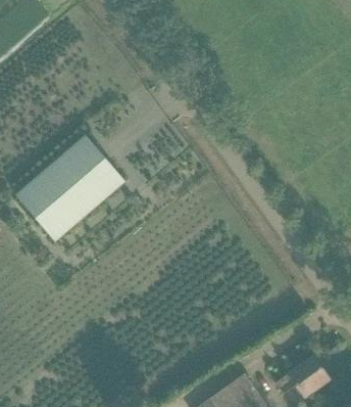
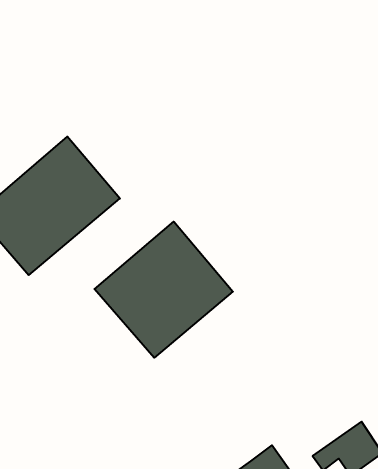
building: none -> [94,222,233,358]

